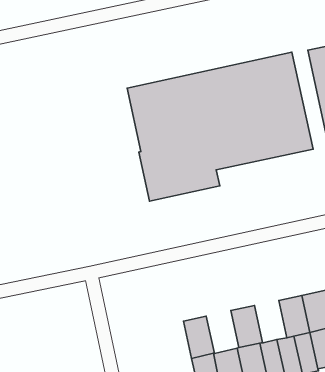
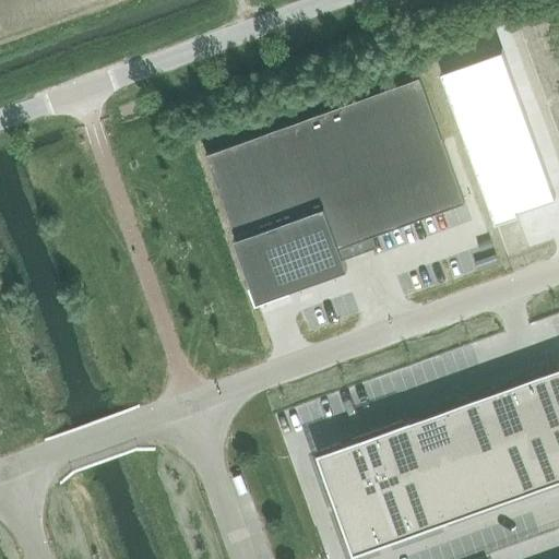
building: none -> [415,413,464,472]
building: none -> [353,435,402,495]

